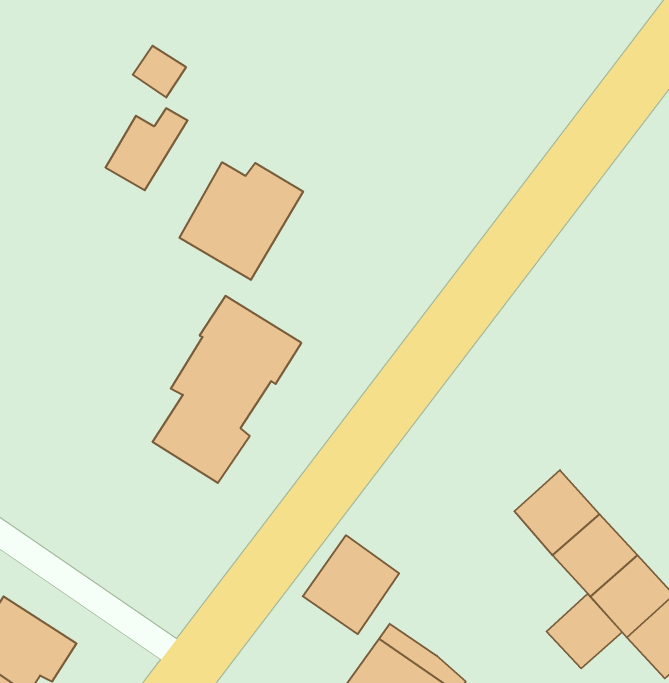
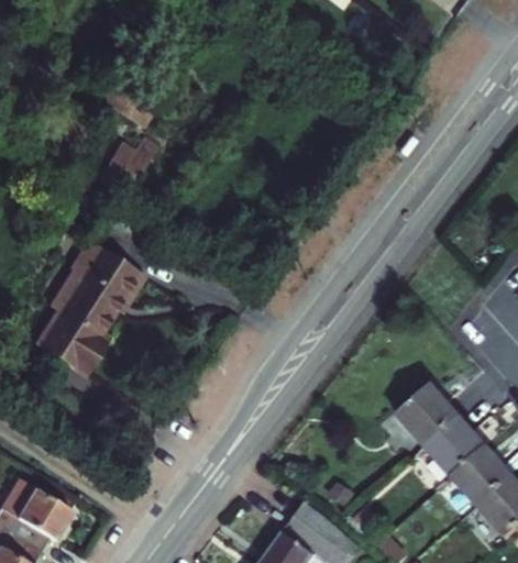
building: [180,162,303,280] -> none
building: [152,296,301,483] -> [40,236,147,372]
building: [303,535,399,634] -> none
building: [547,594,622,668] -> none

